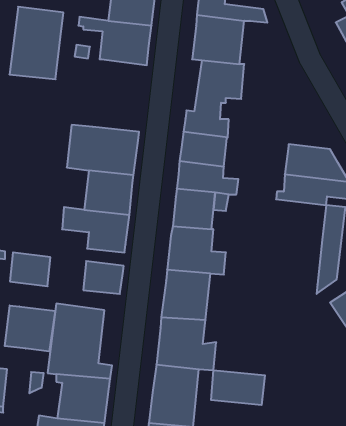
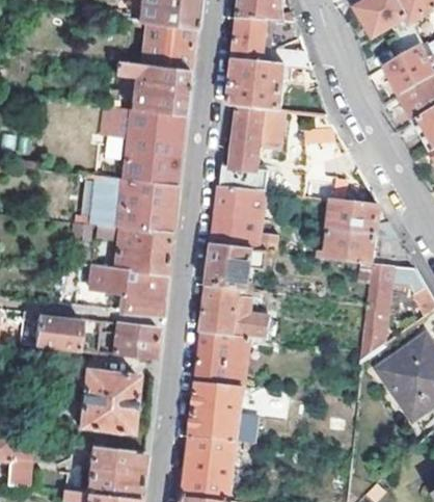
building: [9,7,63,79] -> [121,105,180,183]
building: [5,305,55,351] -> none
building: [211,370,265,405] -> none

